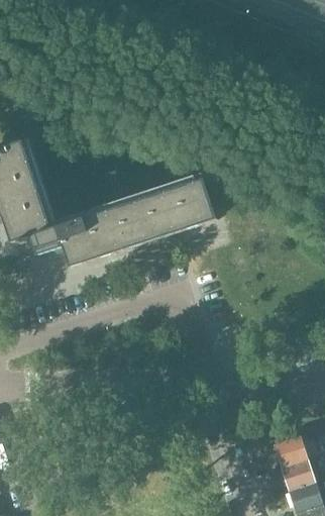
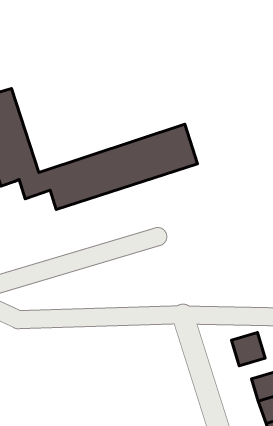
building: none -> [232,333,265,366]

